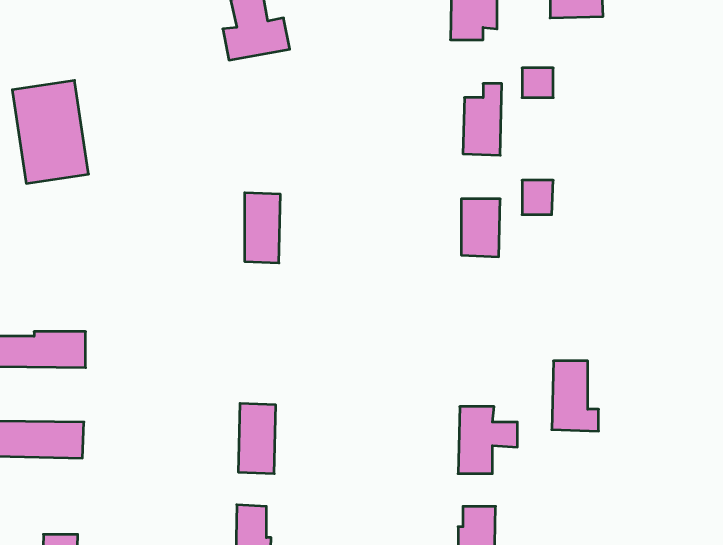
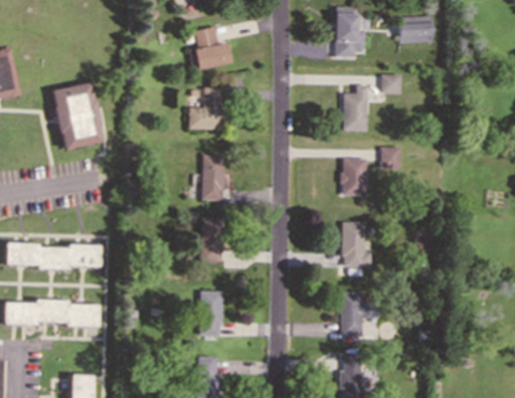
building: none -> [189,87,223,130]
building: none -> [201,217,222,263]
building: [552,361,599,431] -> [342,222,372,267]

